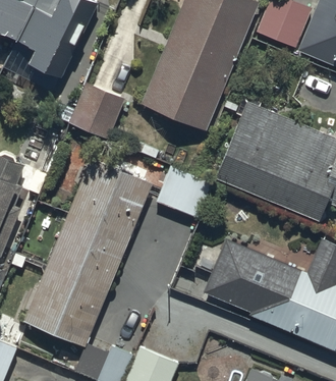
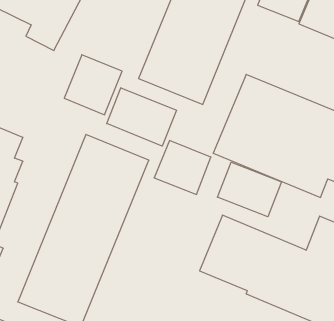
building: none -> [107,88,176,146]
building: none -> [217,162,281,217]

